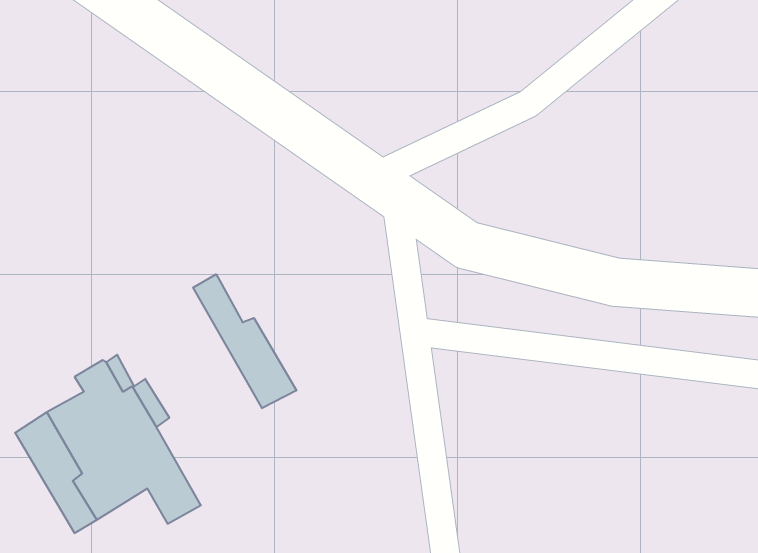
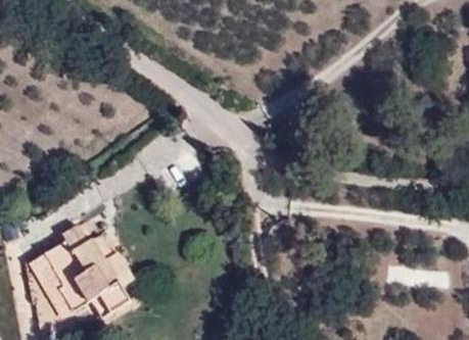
building: [193,274,296,408] -> none

